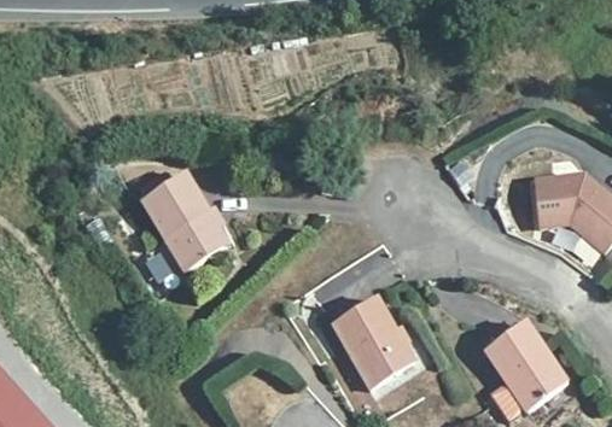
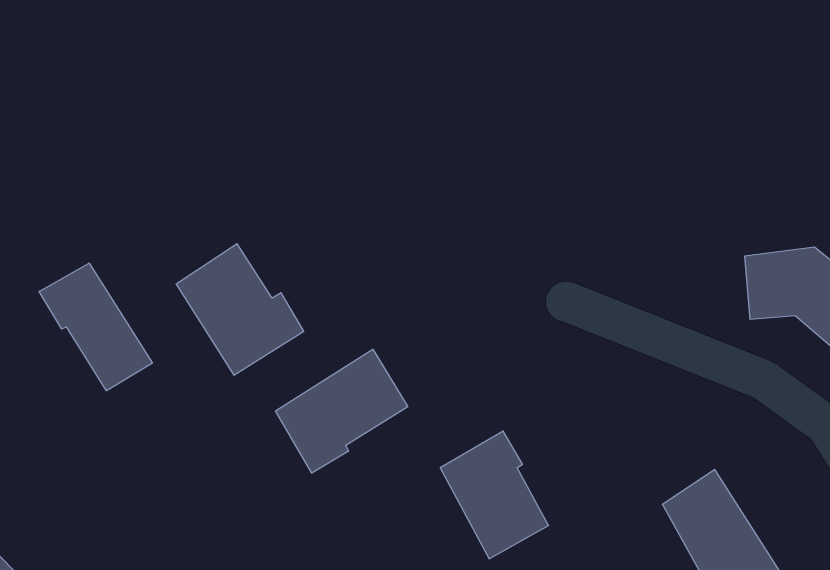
building: none -> [39,263,153,391]
building: none -> [276,349,408,473]

